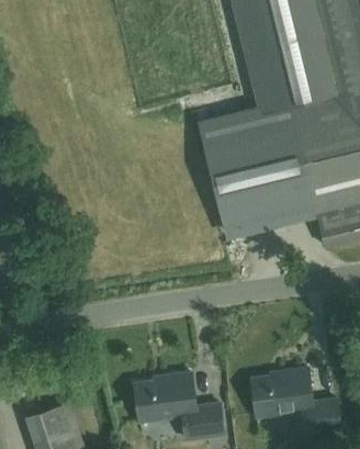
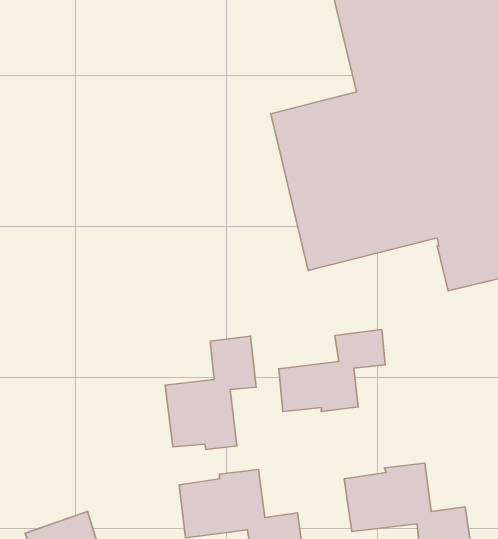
building: none -> [279,330,385,412]
building: none -> [165,336,256,450]

